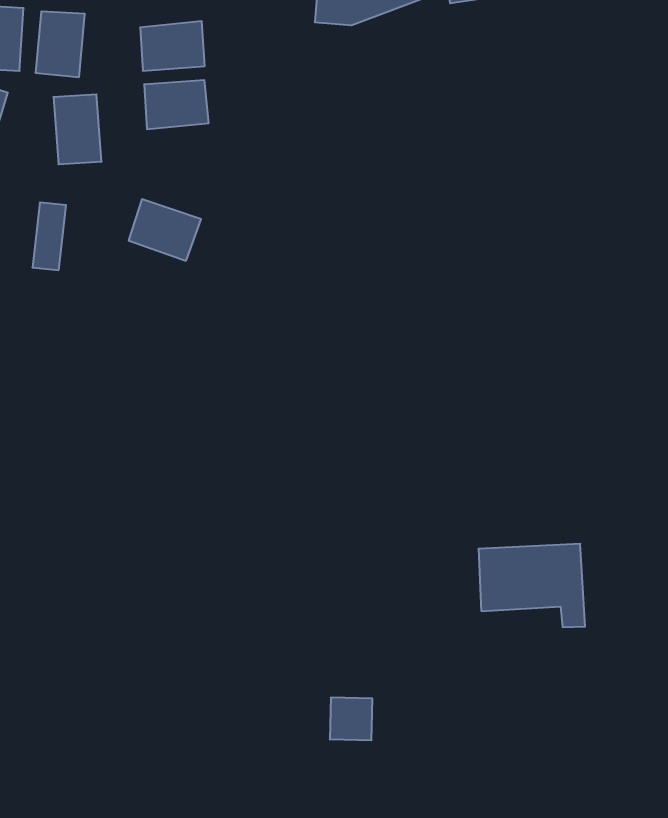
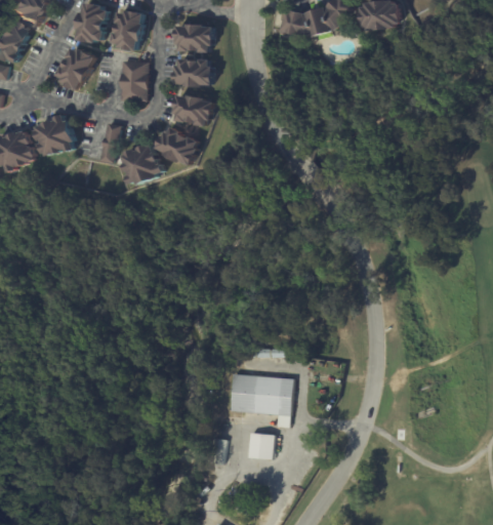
building: none -> [172,93,213,126]
building: none -> [120,143,162,185]
building: [478,544,585,627] -> [229,374,291,427]

